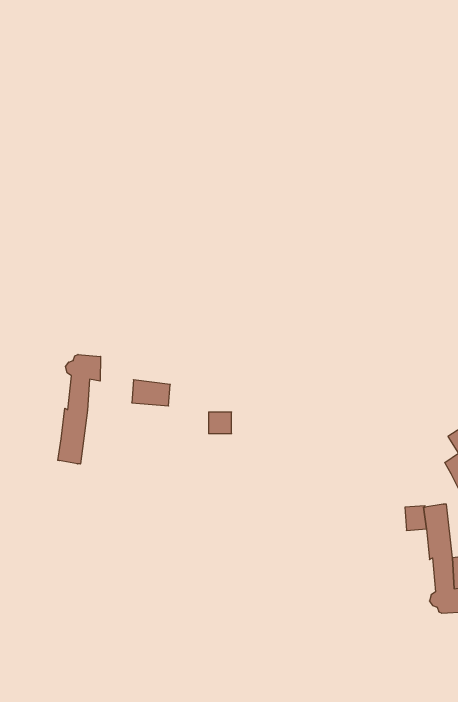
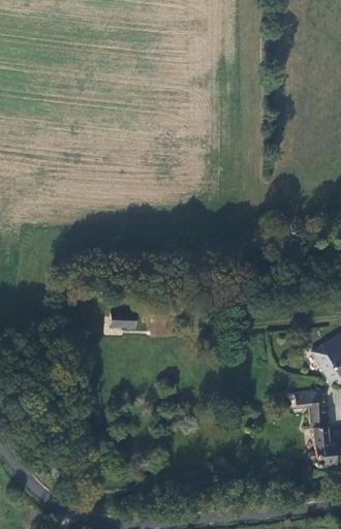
building: [58,354,101,464] -> none

